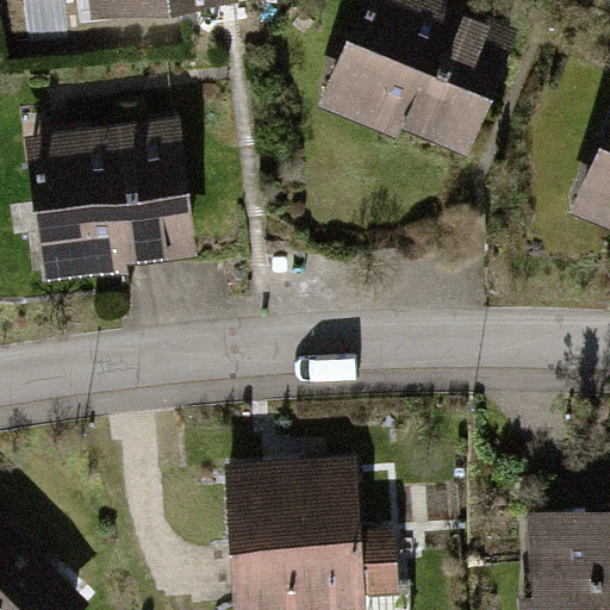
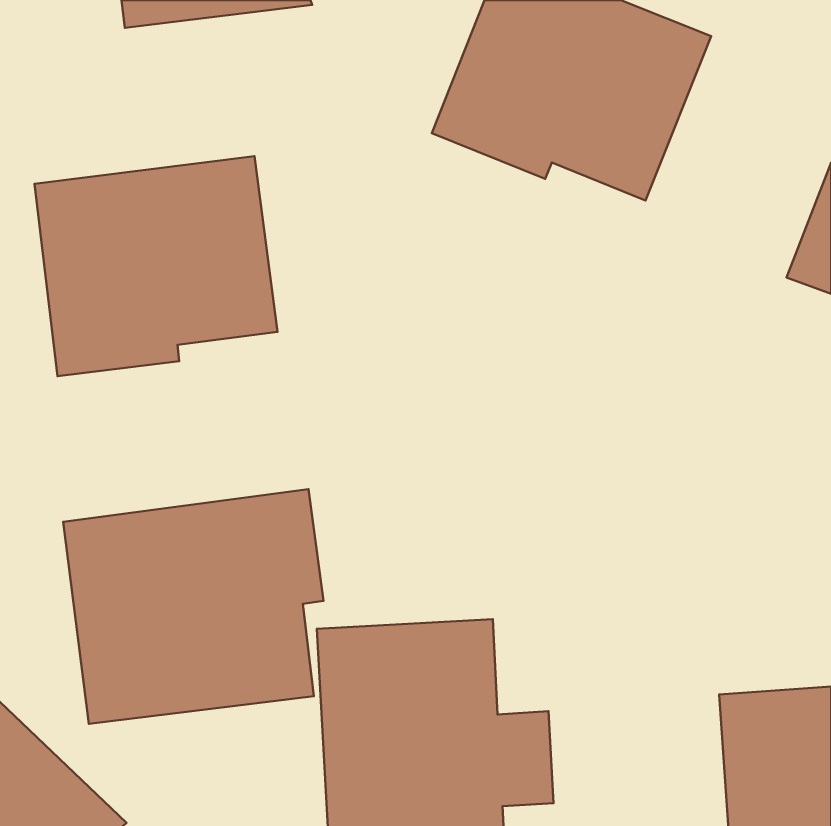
building: none -> [63,489,324,724]

